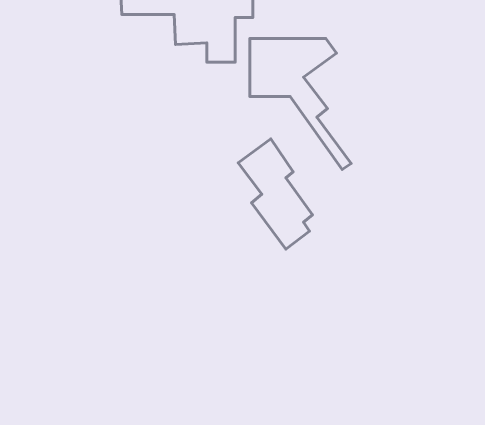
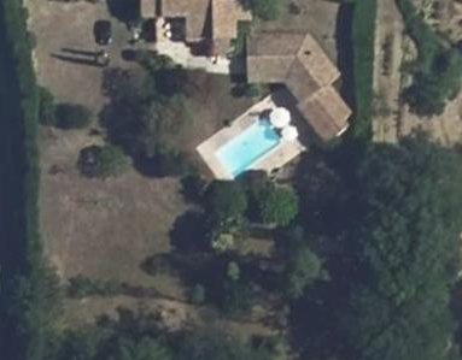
building: [238,139,313,249] -> [290,47,350,136]

